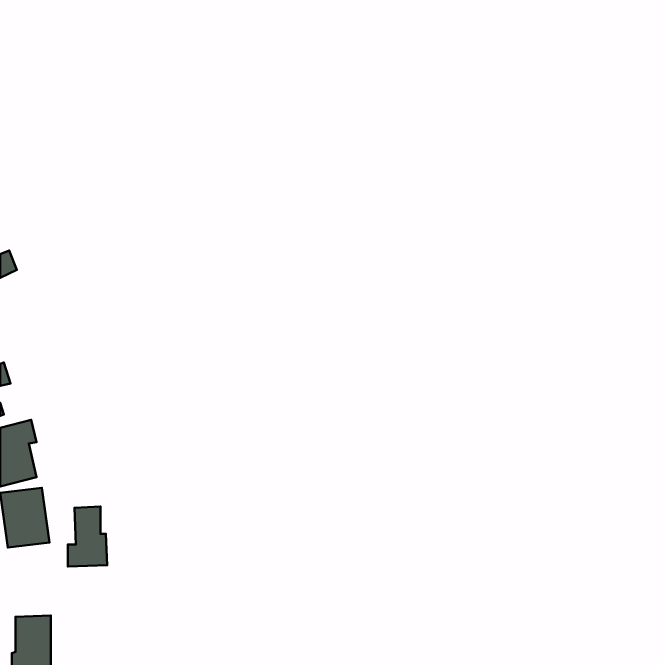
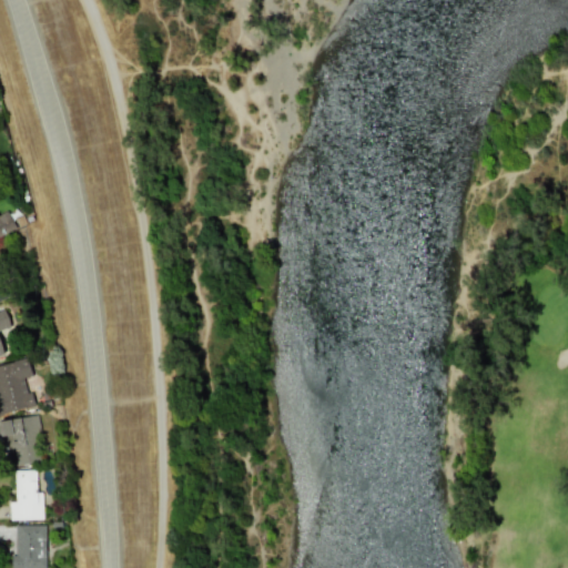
building: [68,507,107,567] -> [10,470,43,521]

